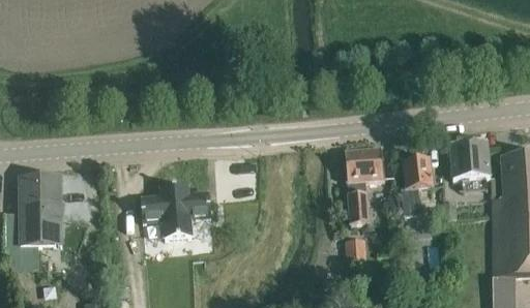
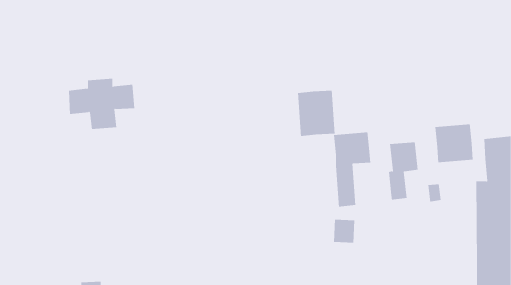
building: none -> [297,90,335,137]
building: [5,175,62,266] -> none
building: [141,185,210,238] -> [68,78,135,129]

